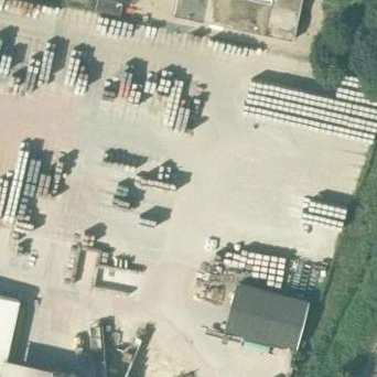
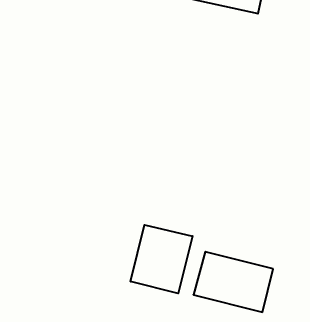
building: none -> [131,225,193,293]

